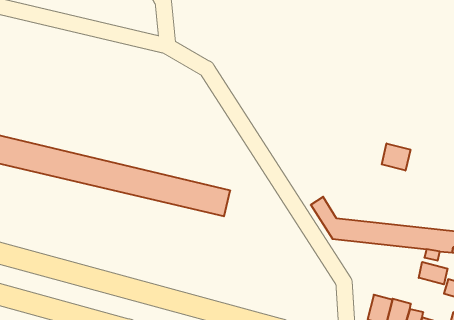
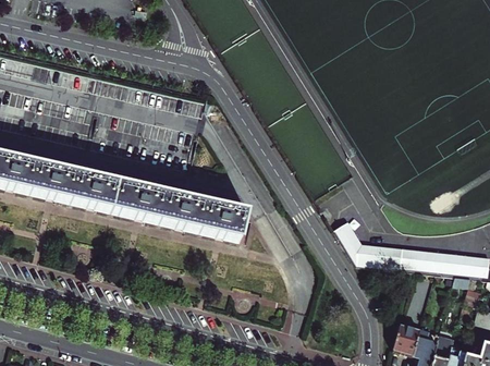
building: [382,143,410,171] -> none
building: [419,262,448,284] -> none

